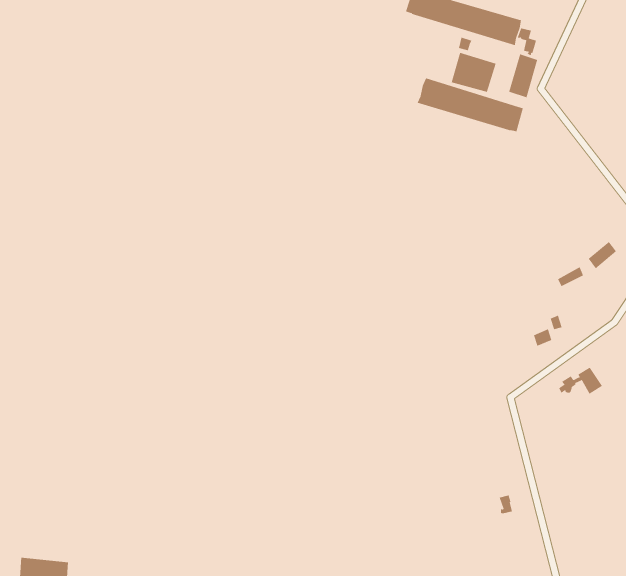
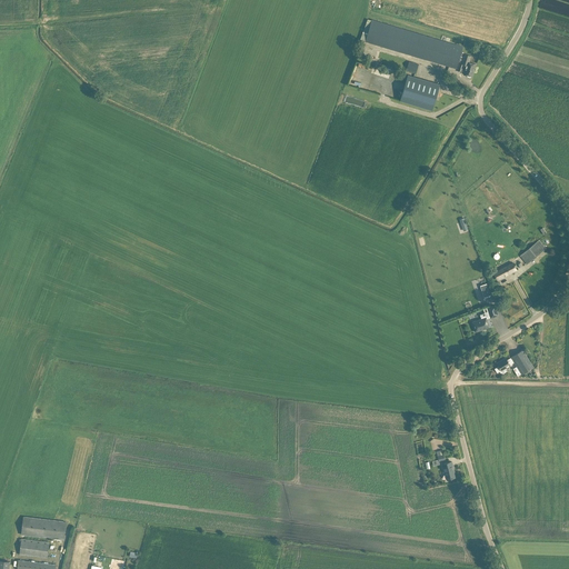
building: [509,53,538,98] -> none
building: [417,77,523,132] -> none

